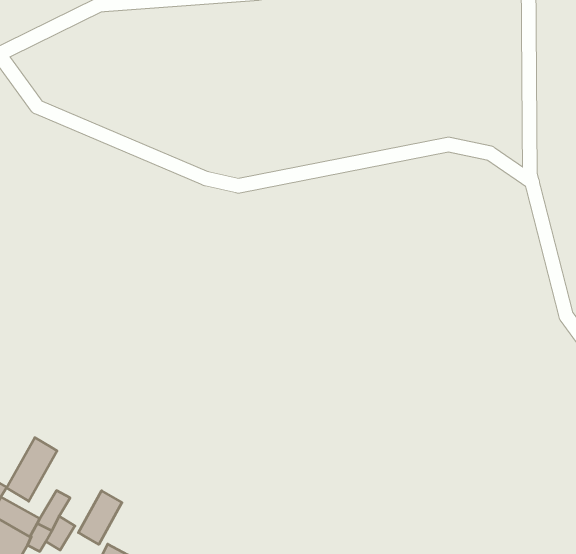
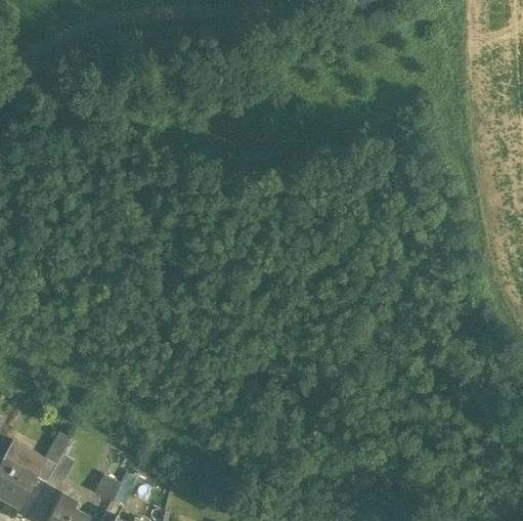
building: [6,438,57,501] -> none
building: [78,491,122,544] -> none

